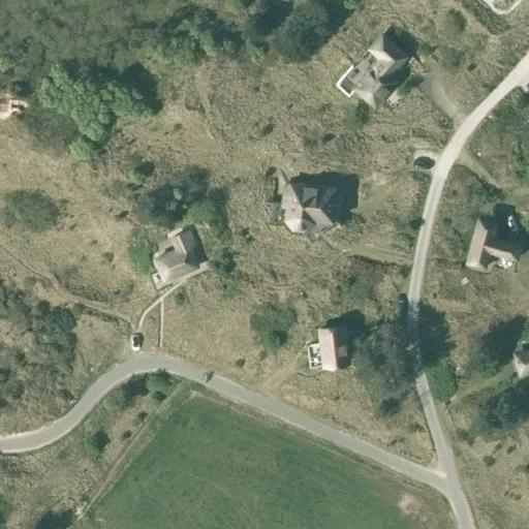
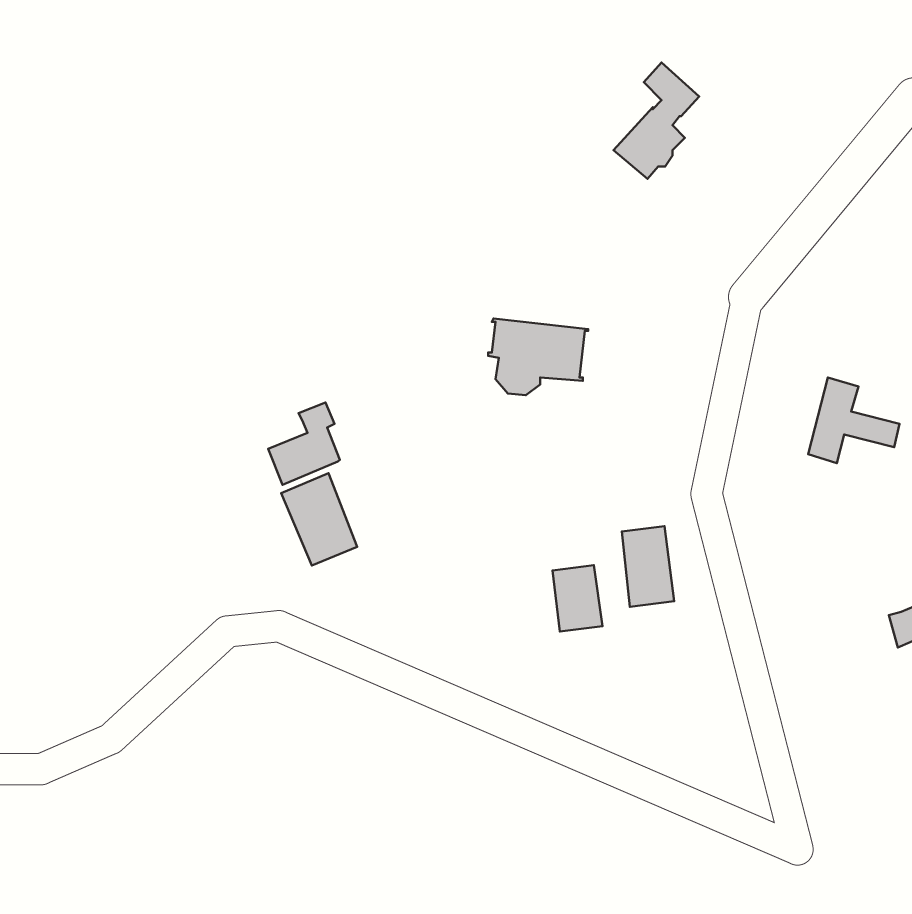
building: none -> [281,473,357,565]
building: none -> [622,526,674,607]

